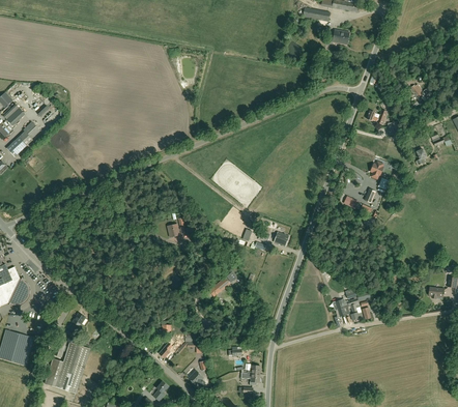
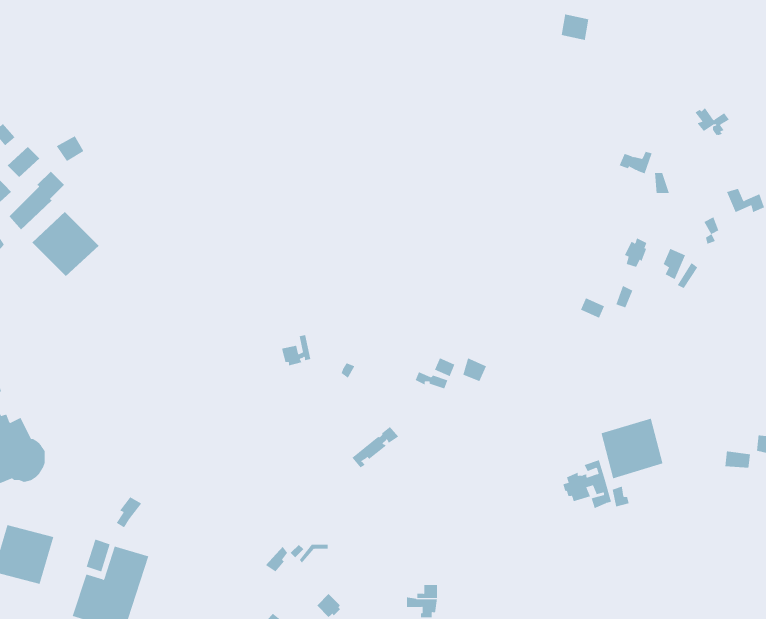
building: none -> [31,211,99,277]
building: none -> [601,418,663,479]

